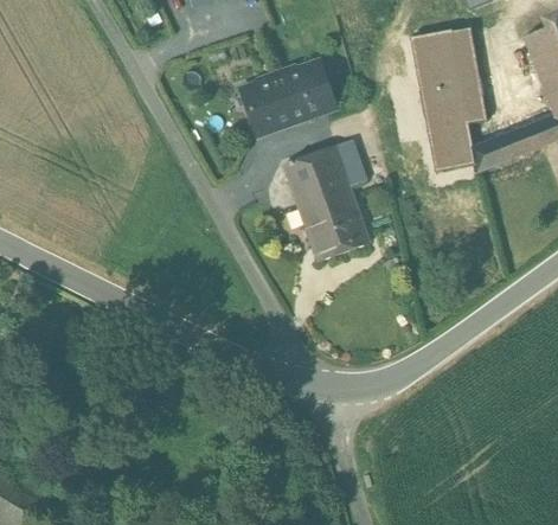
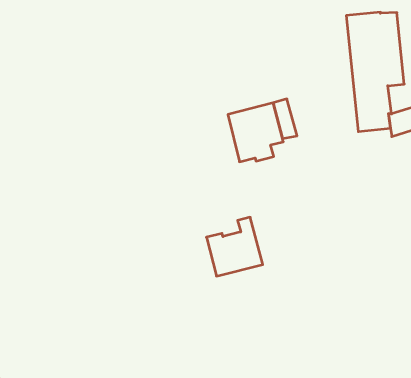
building: [243,63,331,133] -> none
building: [302,190,370,261] -> [206,217,263,276]

